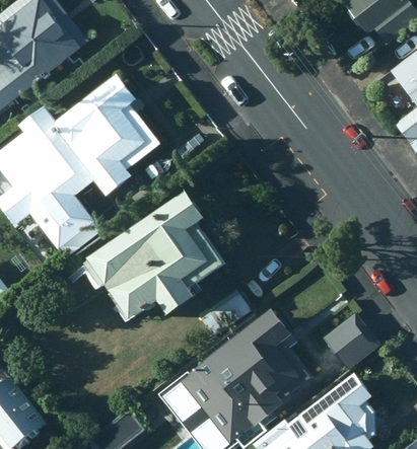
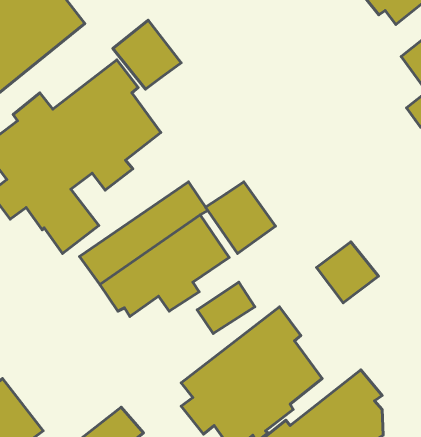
building: none -> [113,20,181,89]
building: none -> [205,182,276,253]
building: [321,311,379,369] -> [317,242,379,303]

